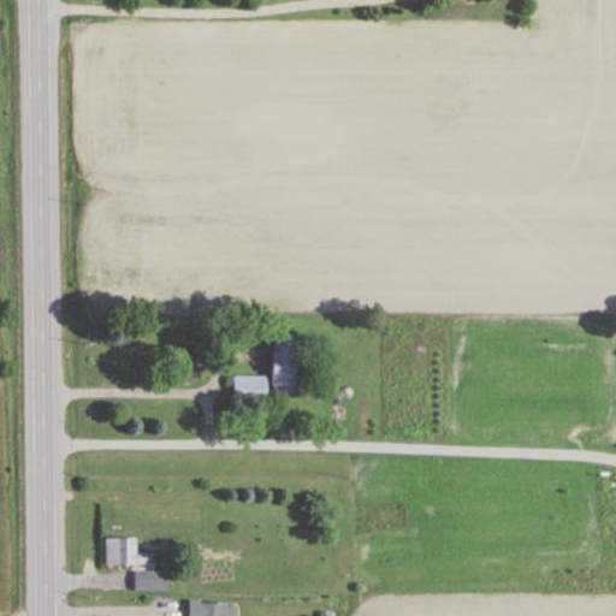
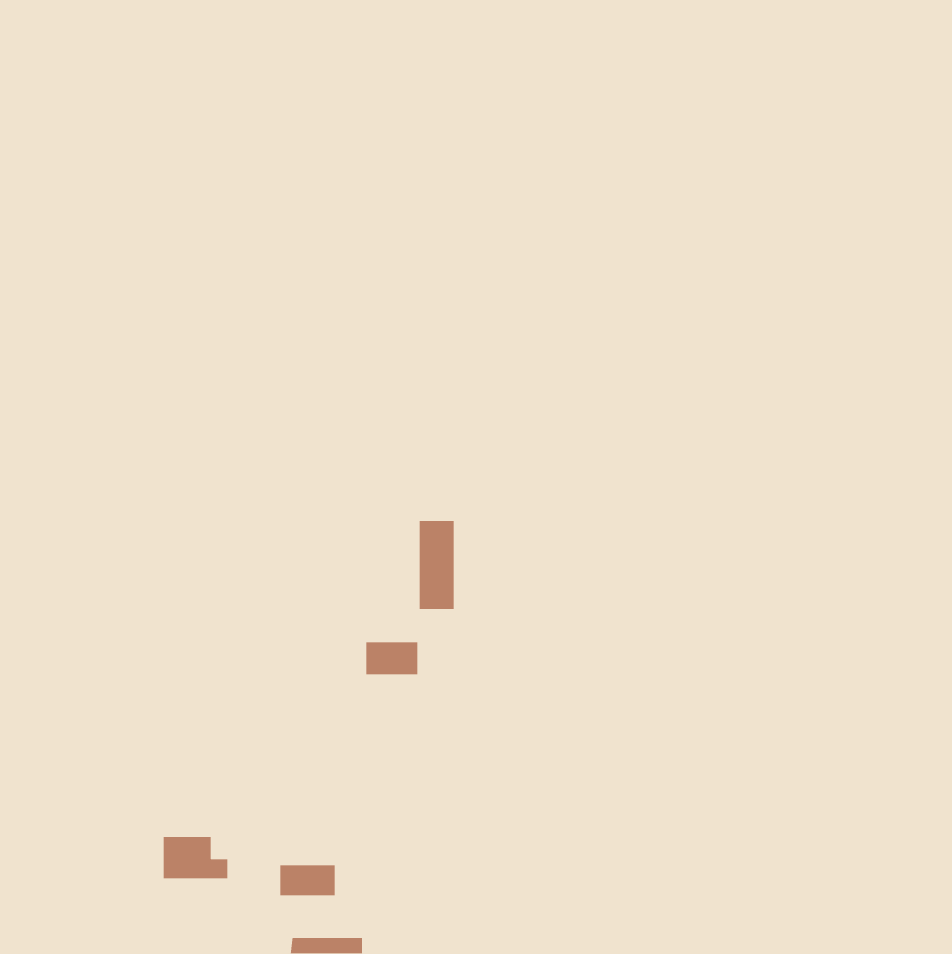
building: [235,375,268,397] -> [366,642,418,675]
building: [135,571,171,592] -> [279,864,335,896]

